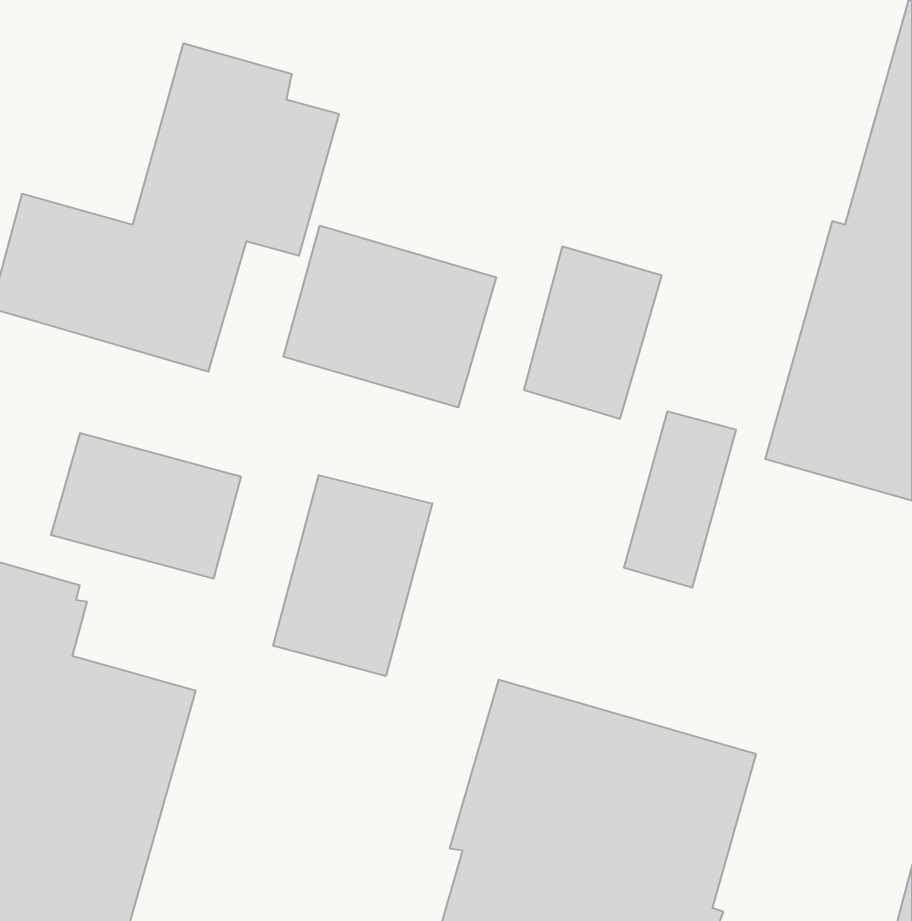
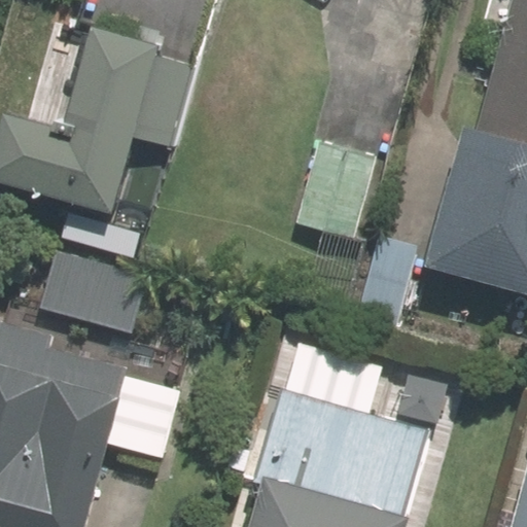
building: [284,226,496,407] -> none
building: [273,475,432,676] -> none

